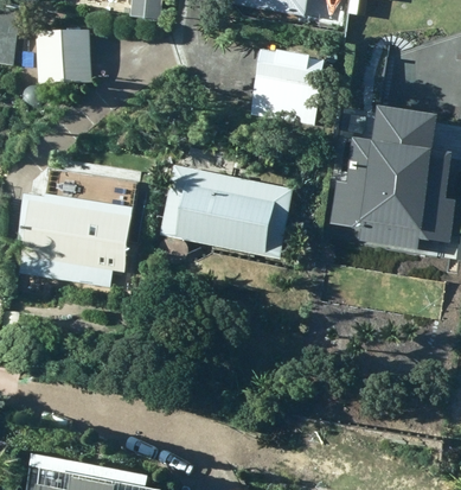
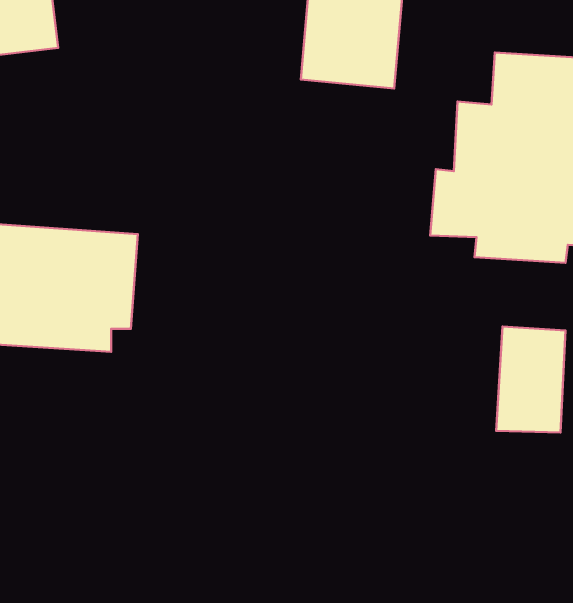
building: [162,163,295,256] -> none
building: none -> [496,326,565,432]

